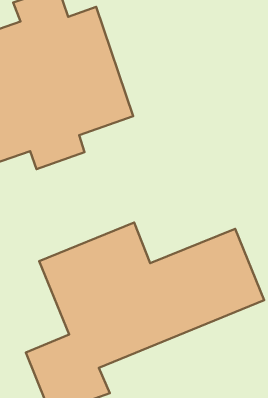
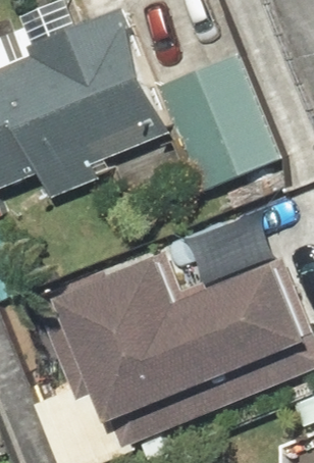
building: none -> [161,51,282,189]

